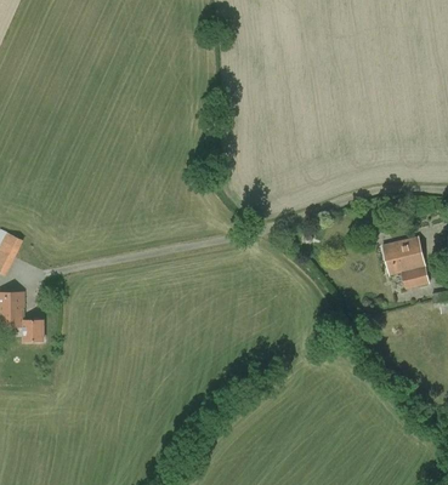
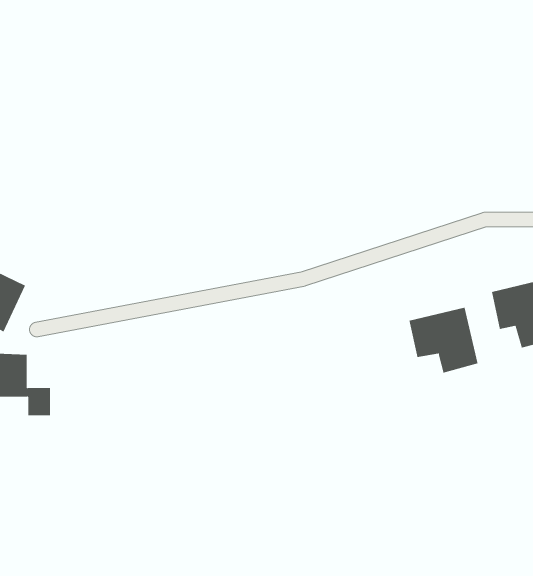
building: none -> [409,307,478,373]

